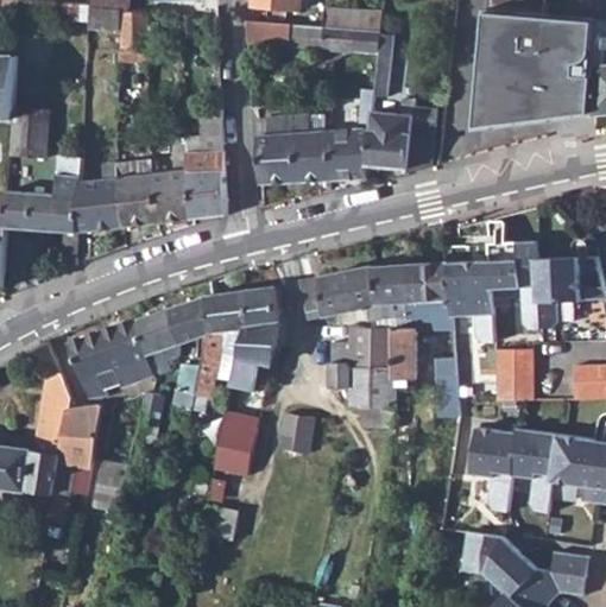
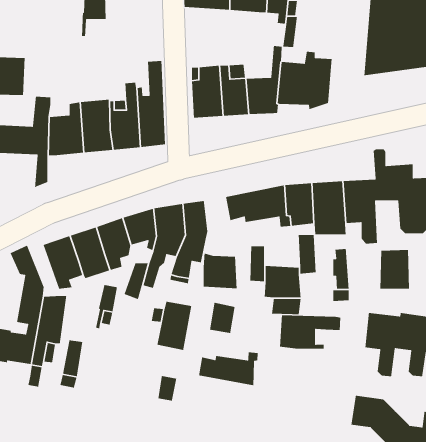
building: [349,324,393,371] -> [203,252,238,289]
building: none -> [279,314,341,350]
building: none -> [198,352,259,386]

